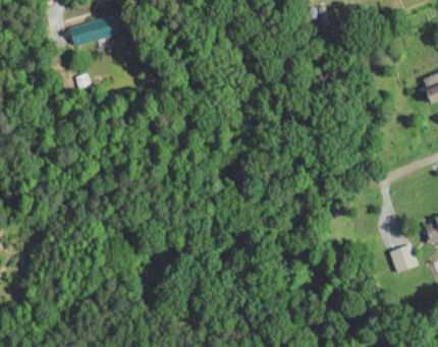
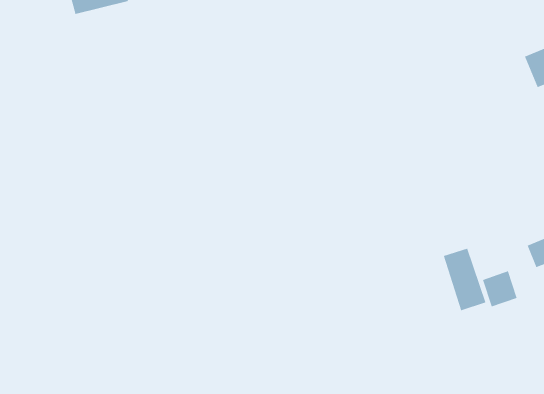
building: none -> [443,248,486,311]

